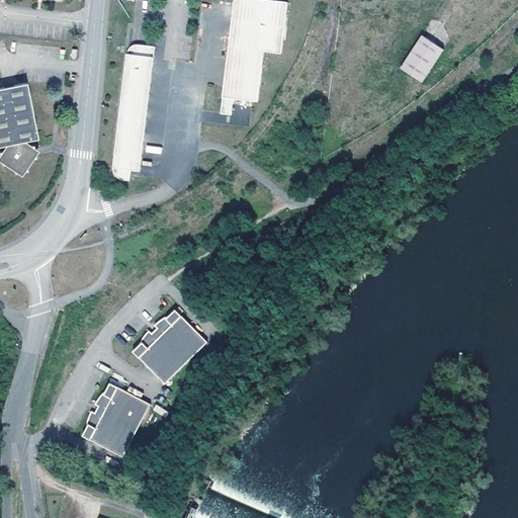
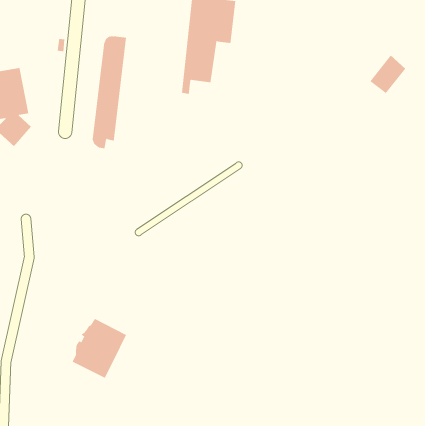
building: [395,36,439,84] -> [369,55,406,94]
building: [137,311,209,384] -> none

